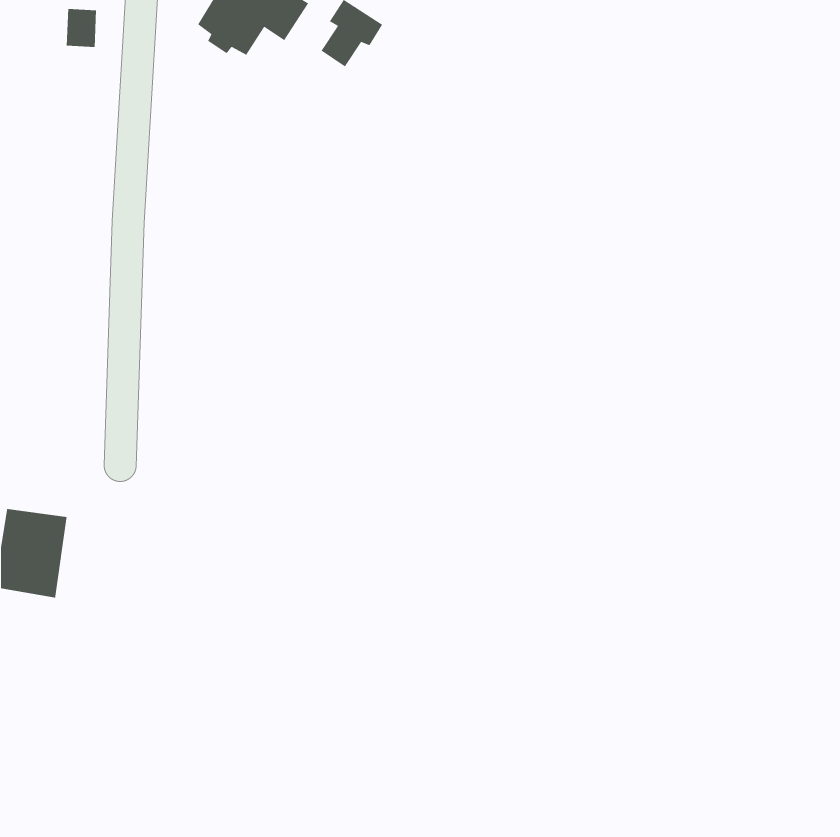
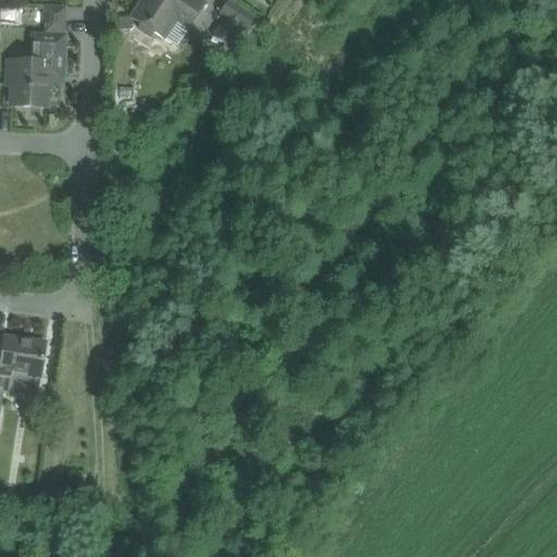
building: none -> [7,35,63,106]

